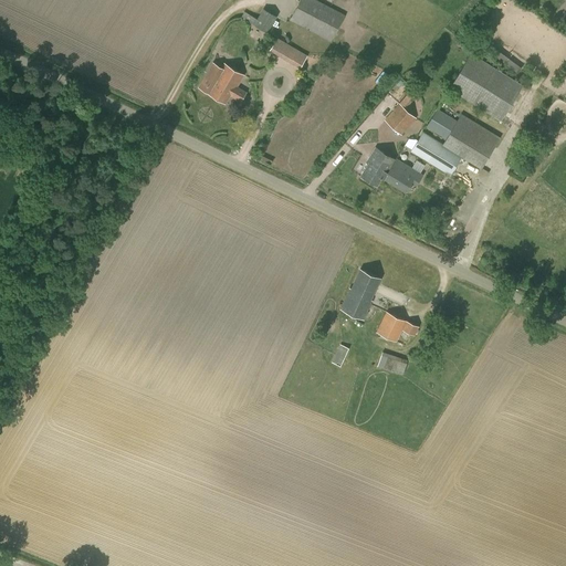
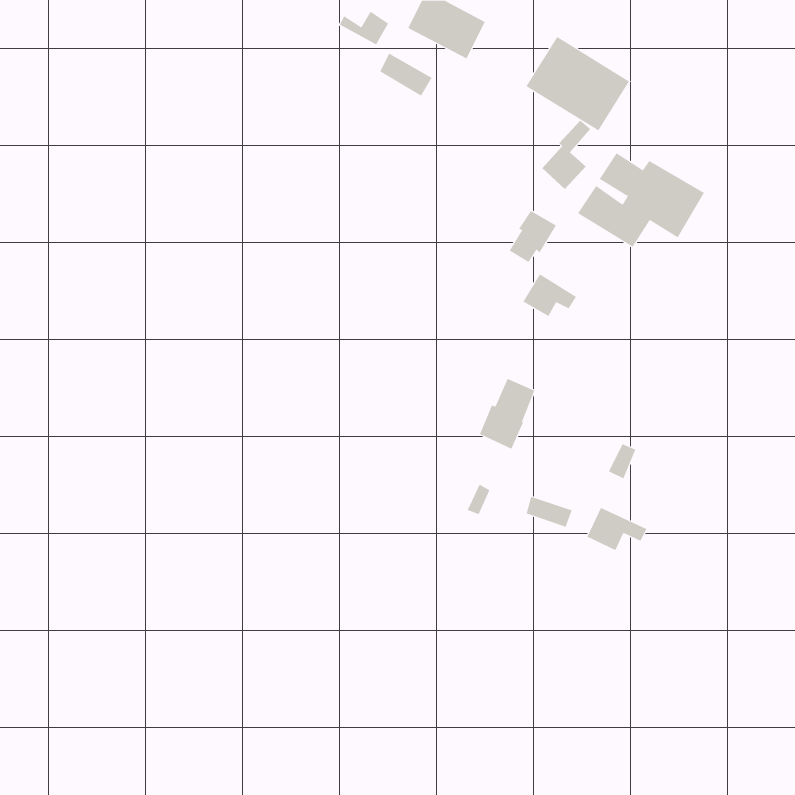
building: [449,53,523,120] -> [526,36,630,131]
building: [199,62,247,103] -> none
building: [384,160,422,191] -> [522,273,577,317]
building: [376,311,419,342] -> [586,507,647,551]

